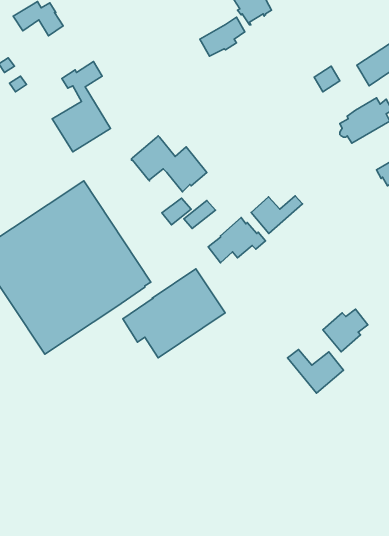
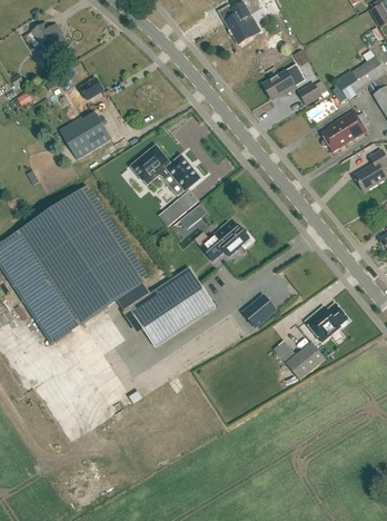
building: [200,17,245,56] -> [262,63,304,99]
building: [251,196,303,233] -> none
building: none -> [244,295,276,327]

